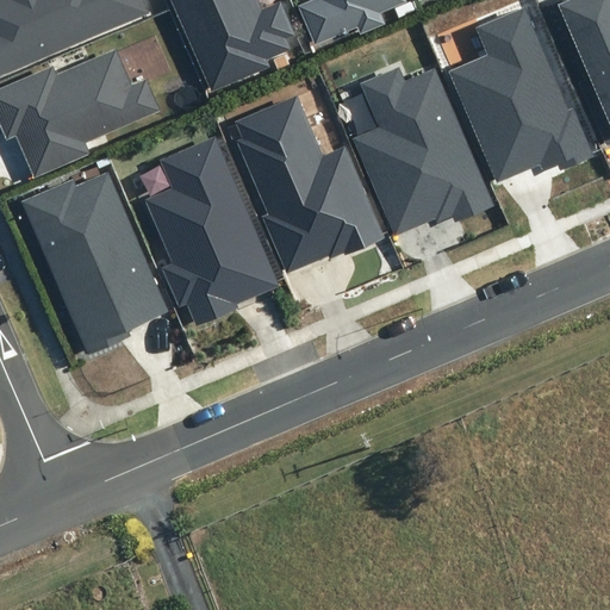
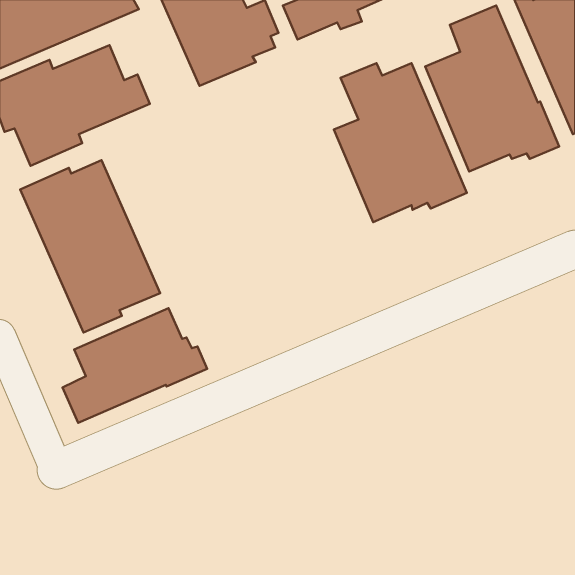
building: [234,93,385,273] -> none
building: [144,137,275,324] -> none
building: none -> [62,308,207,423]

